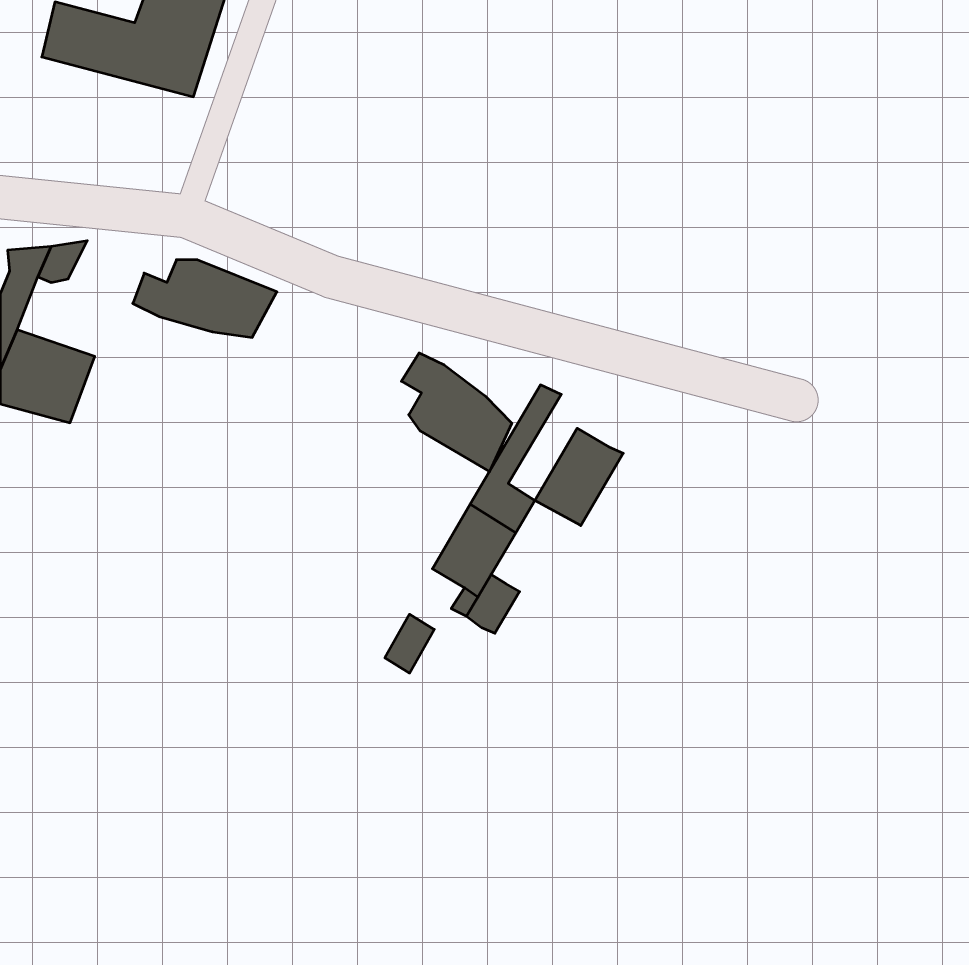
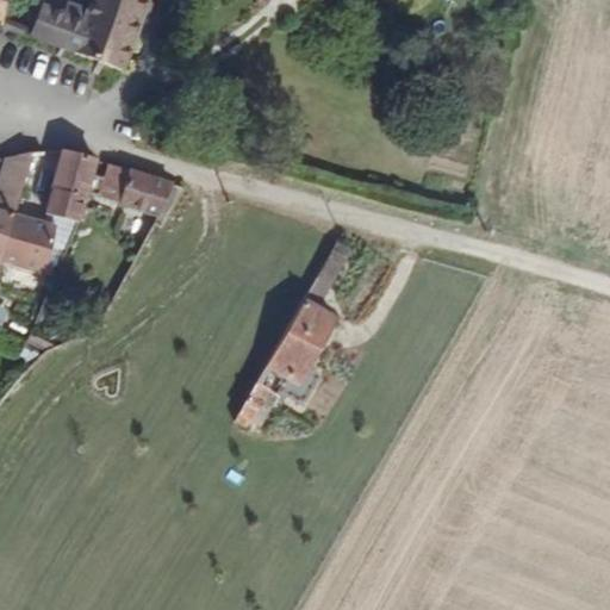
building: none -> [45,158,94,222]
building: [401,353,512,472] -> none
building: [535,428,623,526] -> none

